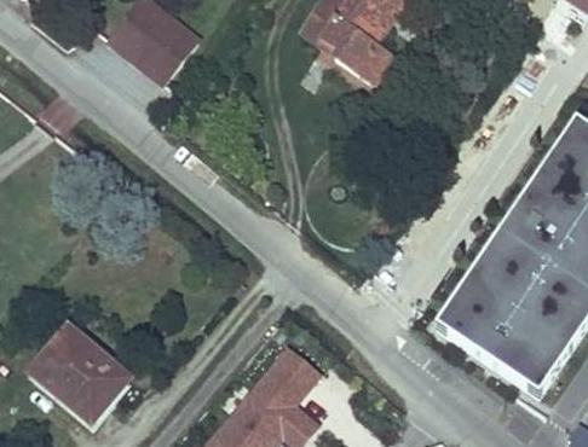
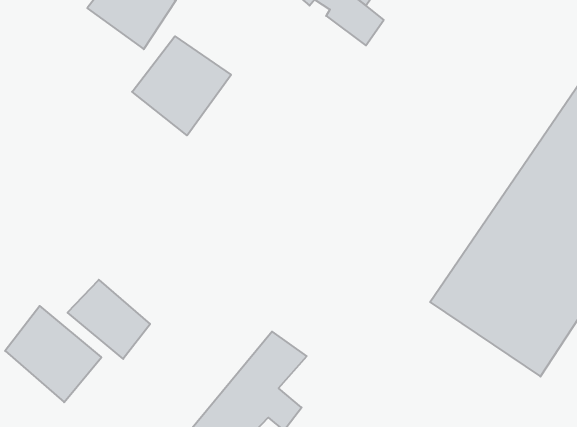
building: none -> [132,36,231,135]
building: none -> [68,280,150,359]

